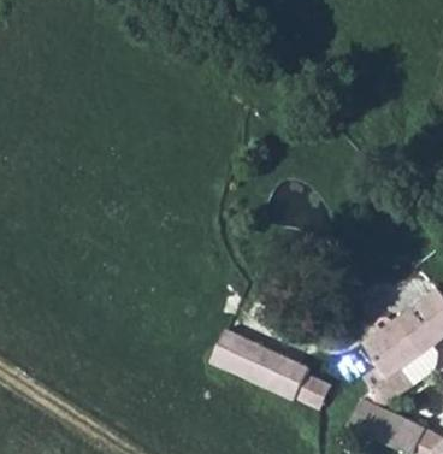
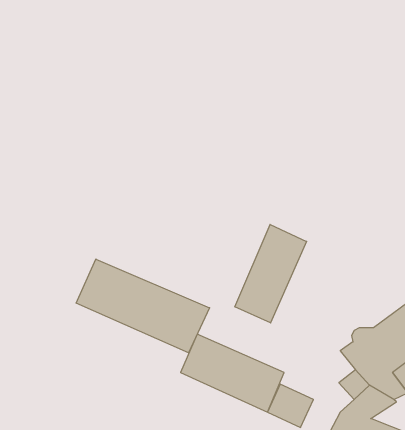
building: none -> [235,224,307,323]
building: none -> [76,259,210,353]

